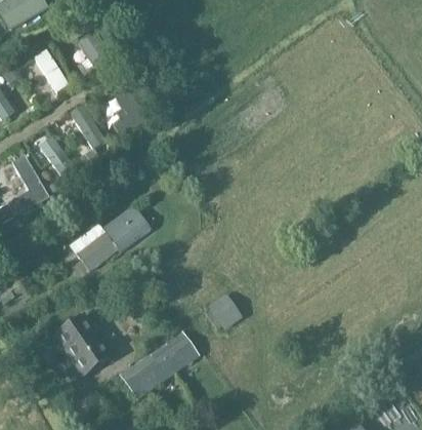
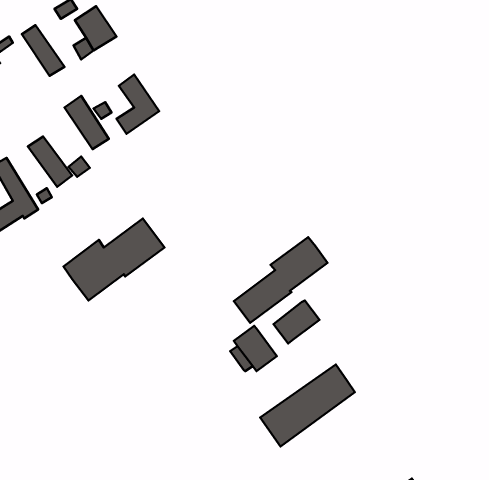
building: none -> [234,237,327,323]
building: none -> [273,300,319,343]
building: [54,315,113,376] -> none
building: [121,331,198,398] -> [260,364,355,447]

